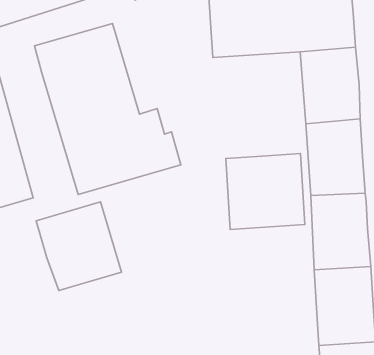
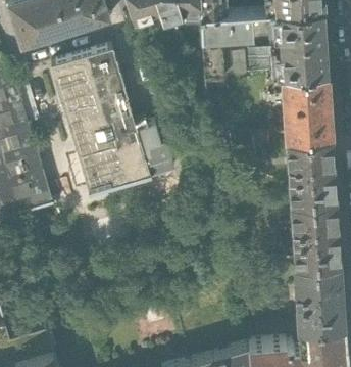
building: [226,154,305,229] -> none
building: [36,202,122,291] -> none

